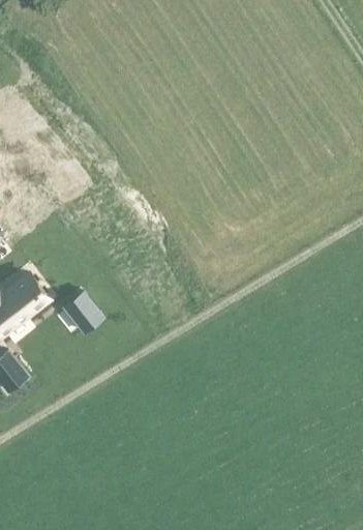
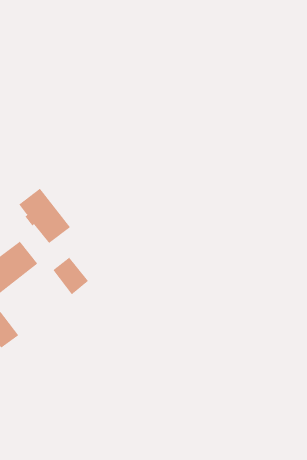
building: none -> [18,188,71,244]

